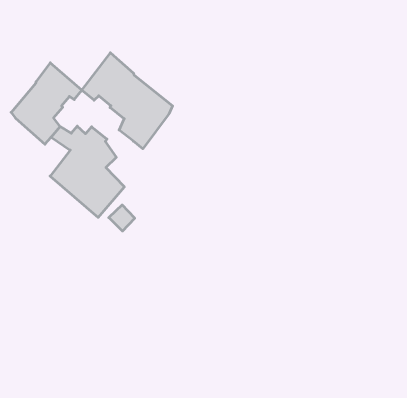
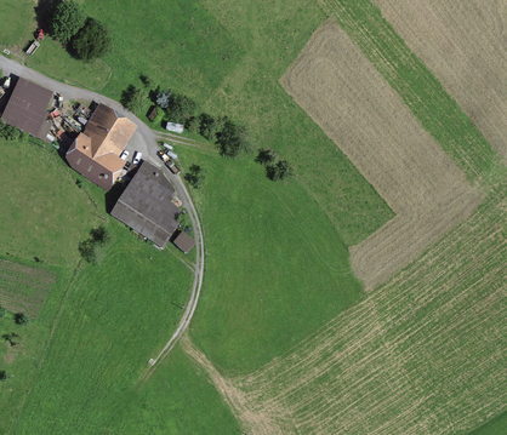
building: [82,53,173,149] -> none

